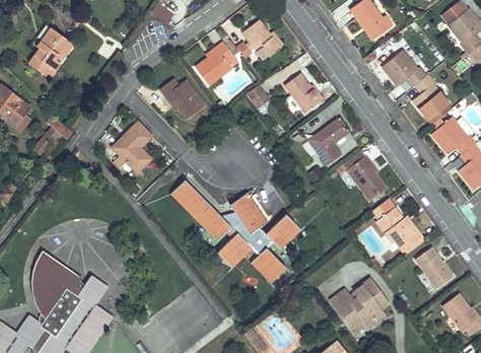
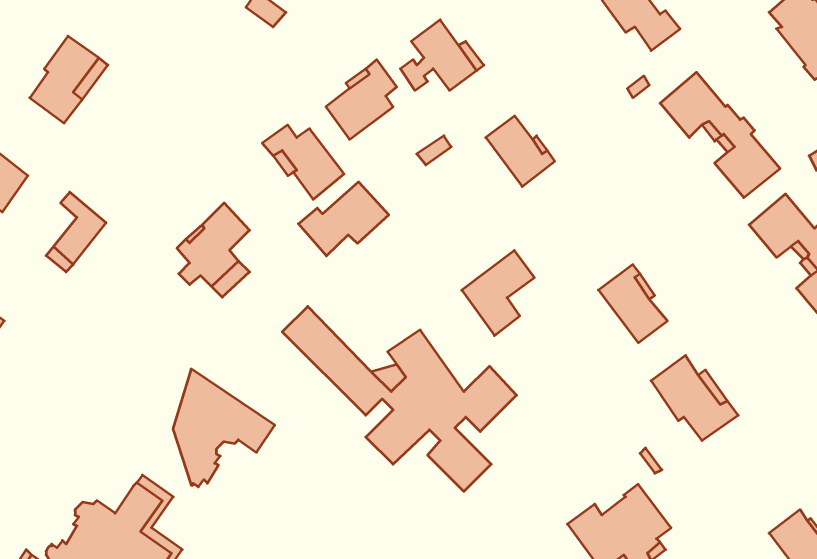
building: none -> [298,182,389,256]
building: [307,118,348,165] -> [462,250,534,336]
building: [414,246,454,289] -> none
building: [30,249,87,314] -> [173,369,275,487]

